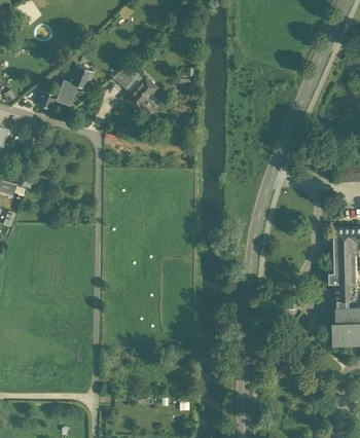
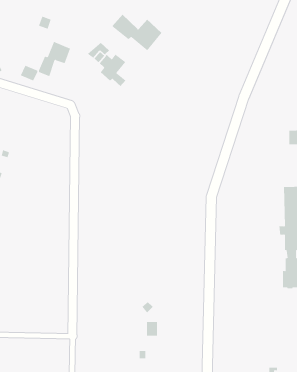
building: none -> [112,14,162,51]

